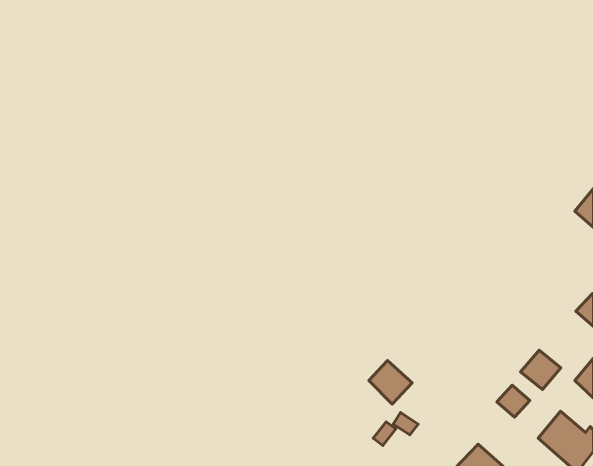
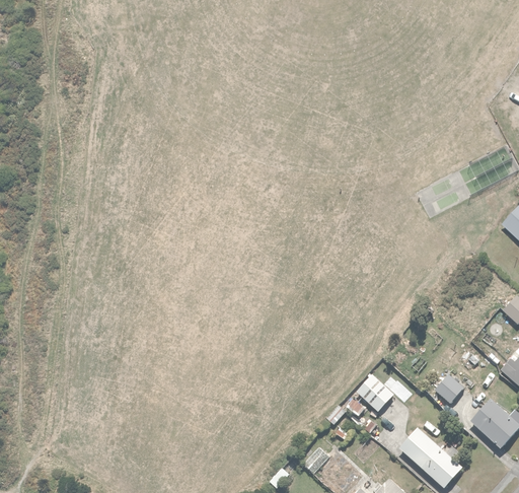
building: [521,350,561,389] -> none
building: [369,361,412,404] -> [358,374,395,412]

